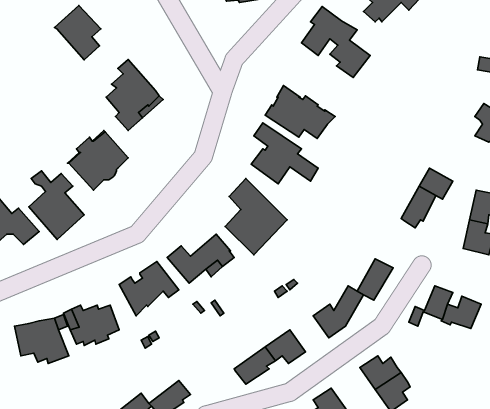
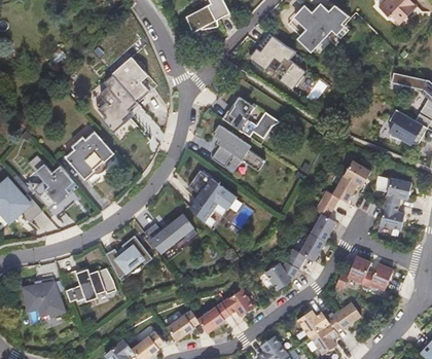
building: [54,6,101,60] -> [111,56,148,99]
building: none -> [310,196,333,240]
building: none -> [327,301,361,330]
building: none -> [167,310,199,340]

